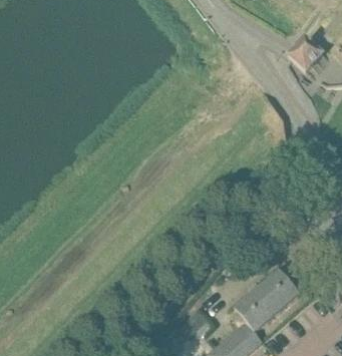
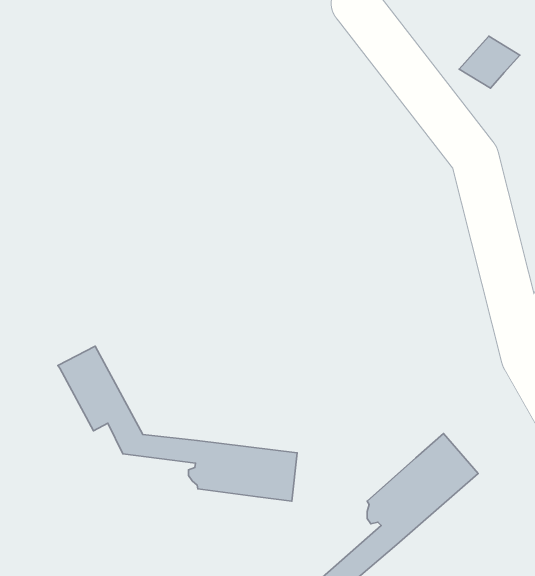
building: none -> [58,346,297,501]

